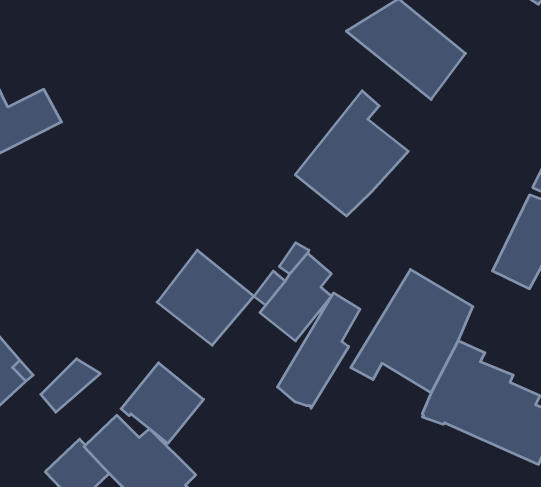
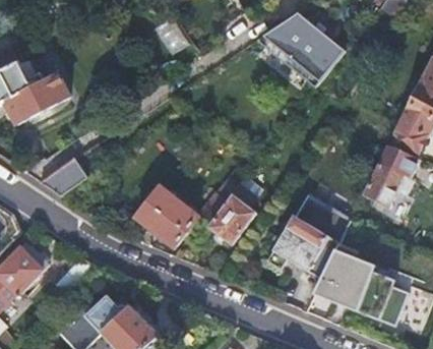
building: [295,91,408,216] -> none
building: none -> [40,157,87,194]
building: [277,293,360,408] -> none
building: [121,363,204,443] -> none

